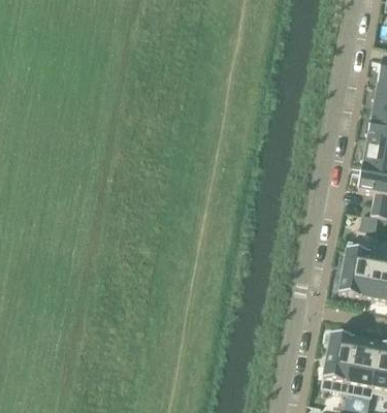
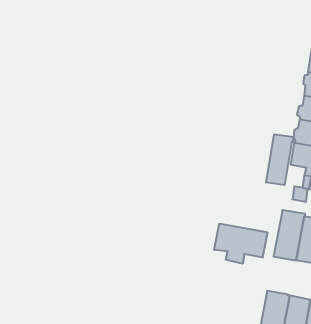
building: none -> [266,134,293,185]
building: none -> [214,224,267,264]

